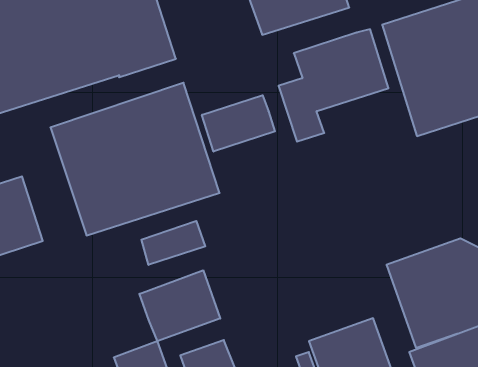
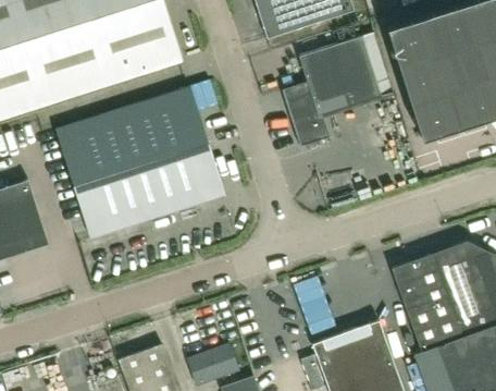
building: [202,95,275,152] -> none
building: [141,221,205,265] -> none
building: [139,270,220,341] -> none

